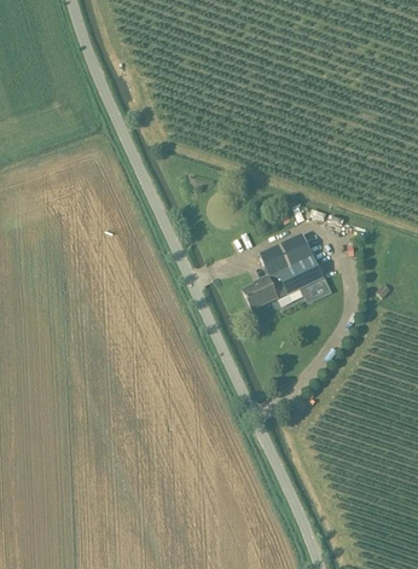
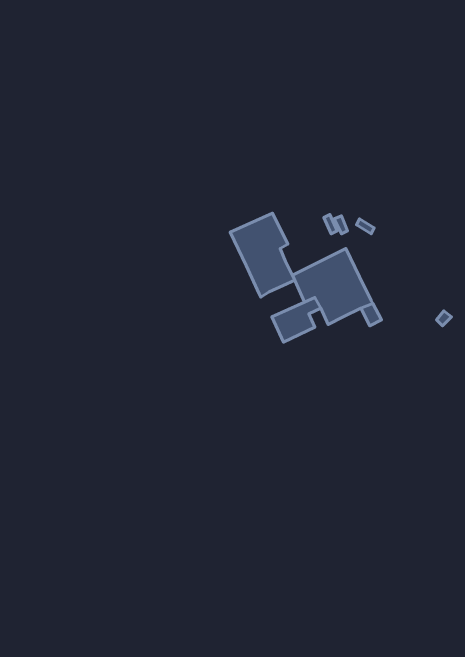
building: none -> [230,213,295,297]

